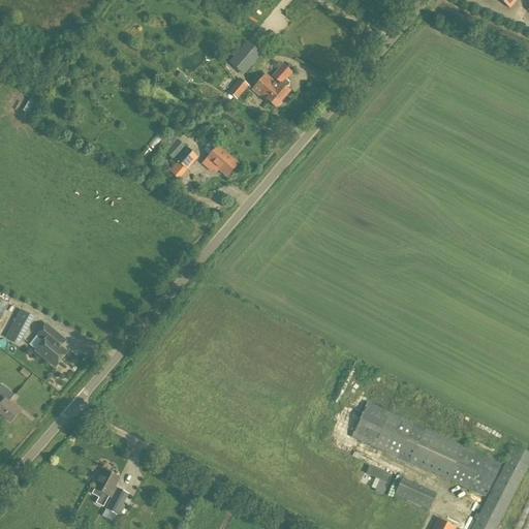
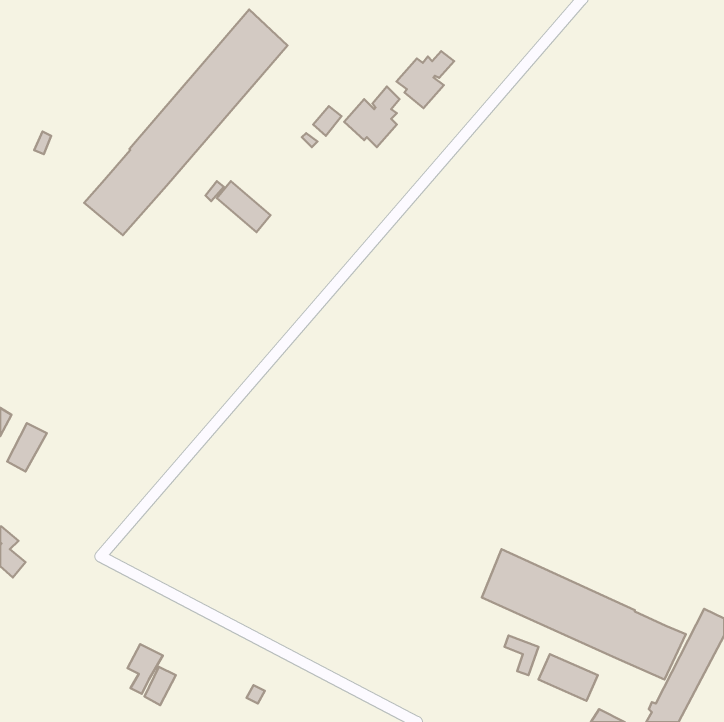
building: none -> [84,9,287,235]
building: none -> [397,51,454,108]
building: [228,40,261,73] -> none
building: [206,145,239,177] -> none
building: [34,323,66,366] -> none

